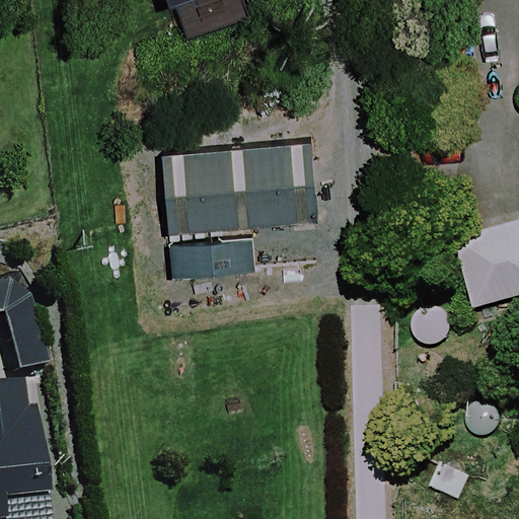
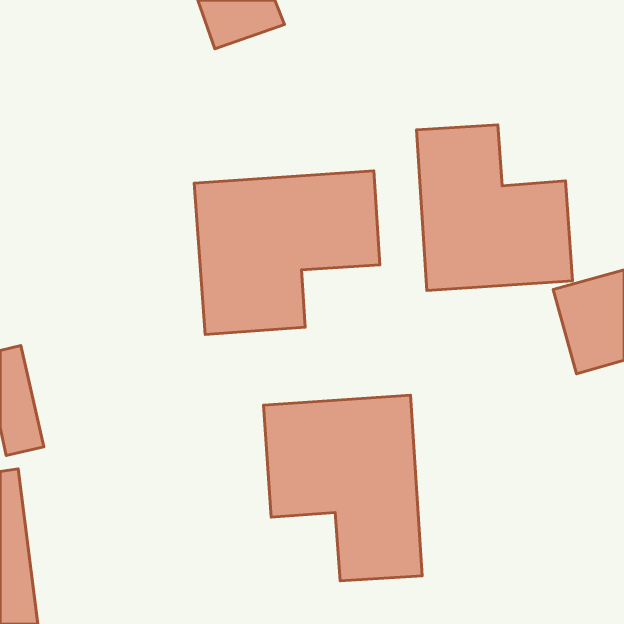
building: none -> [417,125,573,291]
building: none -> [263,395,422,581]

